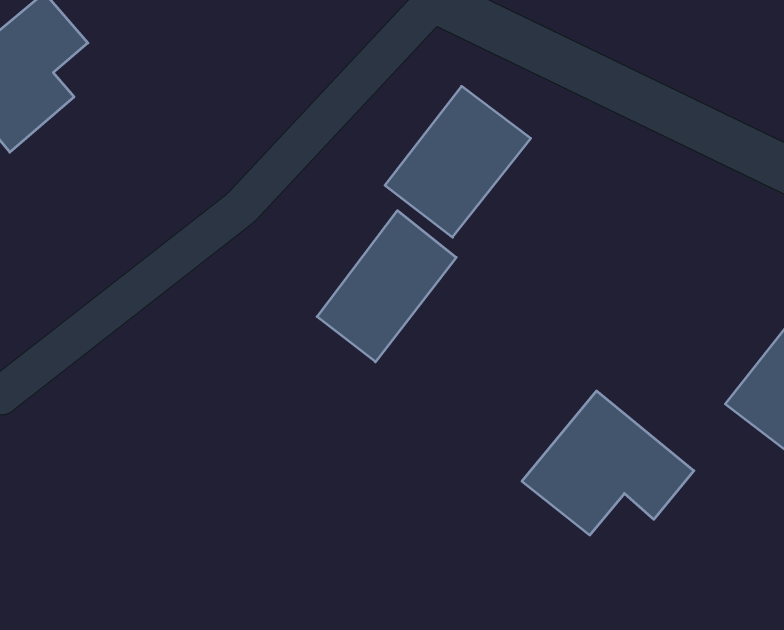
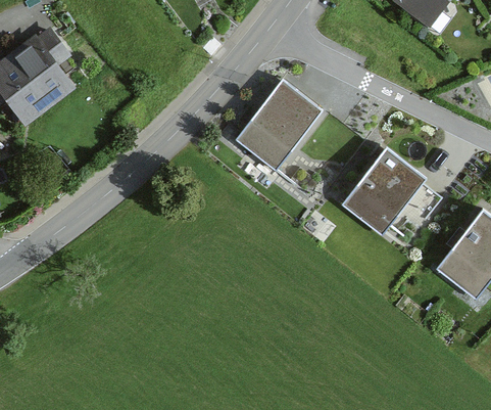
building: [317,211,456,362] -> none
building: [522,391,694,535] -> [344,149,445,234]

